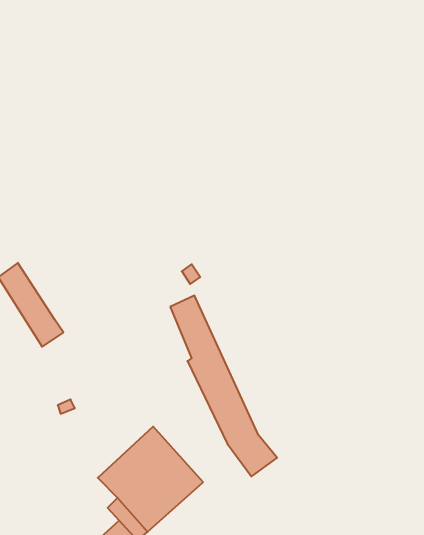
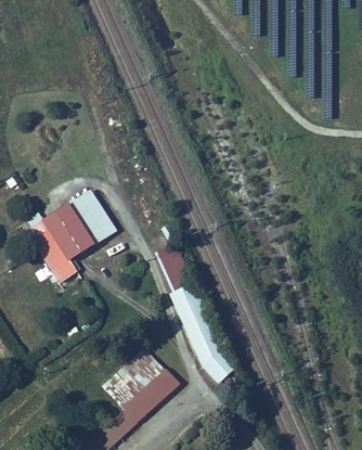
building: none -> [40,190,114,262]

